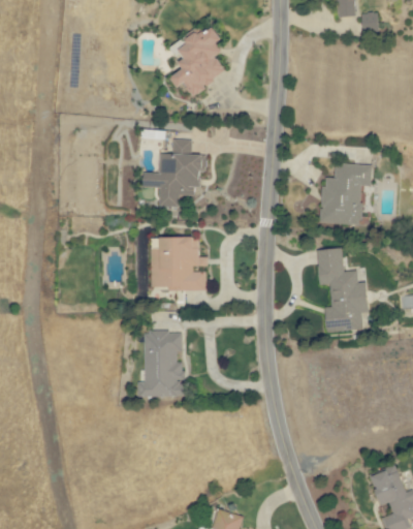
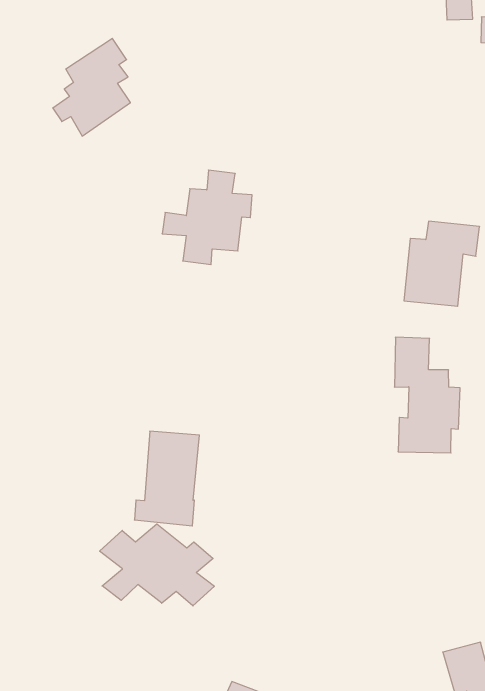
building: [169,24,225,96] -> [53,38,130,136]
building: [150,237,208,289] -> none
building: none -> [100,524,214,606]

